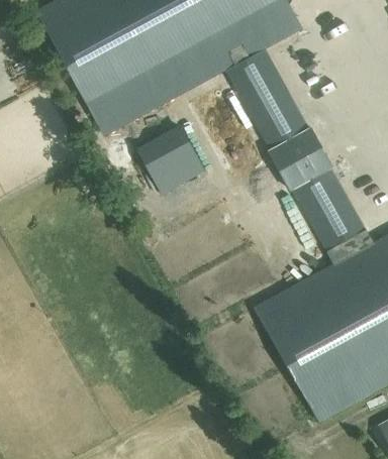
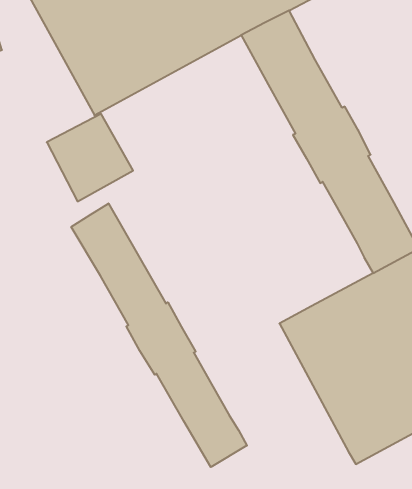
building: [134,125,205,197] -> [47,114,133,201]
building: none -> [71,203,247,467]

